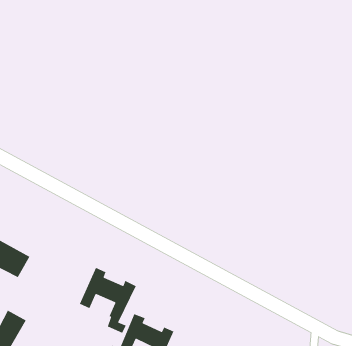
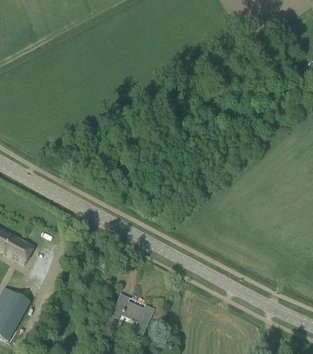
building: [79,267,137,334] -> none

